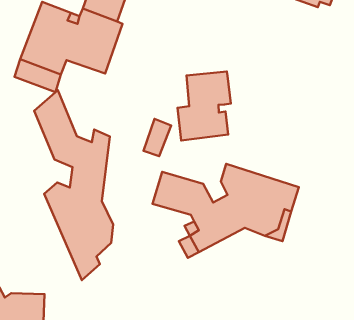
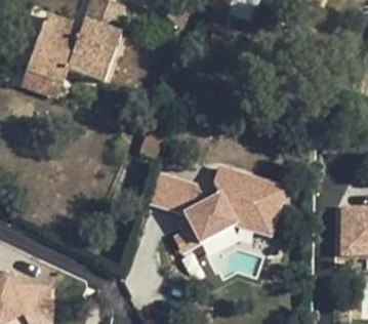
building: [177,72,231,140] -> none
building: [34,90,113,280] -> none

